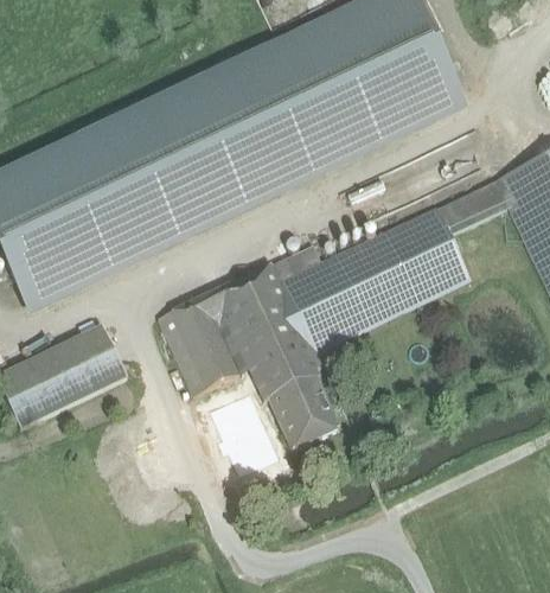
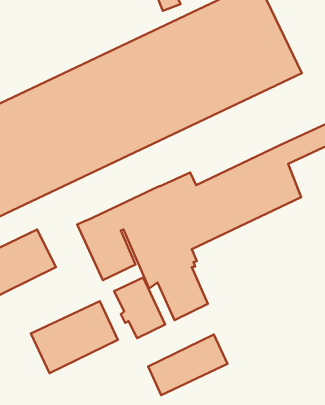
building: none -> [31,301,118,373]
building: none -> [148,335,227,395]

